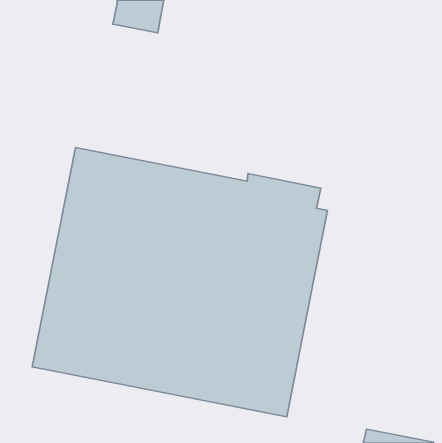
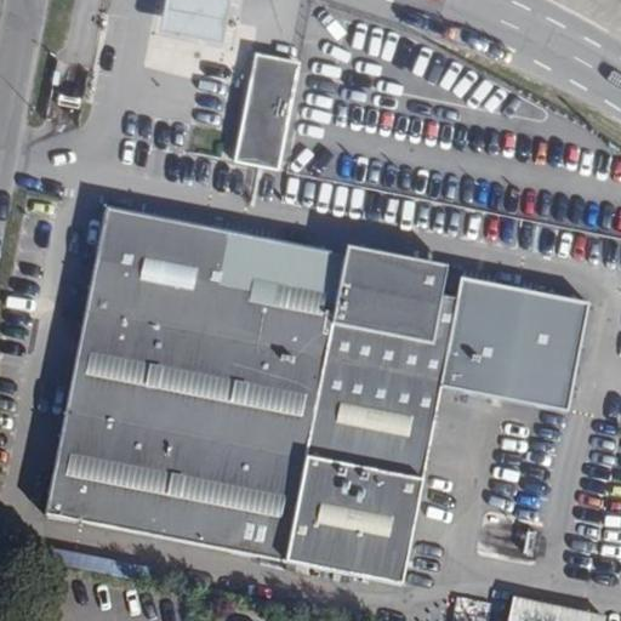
building: none -> [232,55,297,170]
building: none -> [440,275,591,410]

